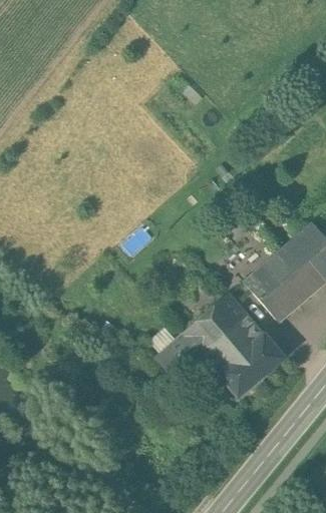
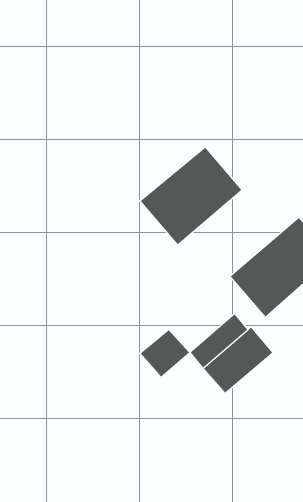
building: none -> [140,147,242,245]
building: [182,294,248,357] -> none

